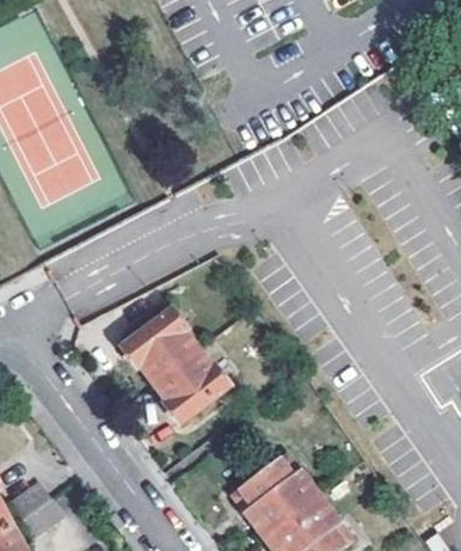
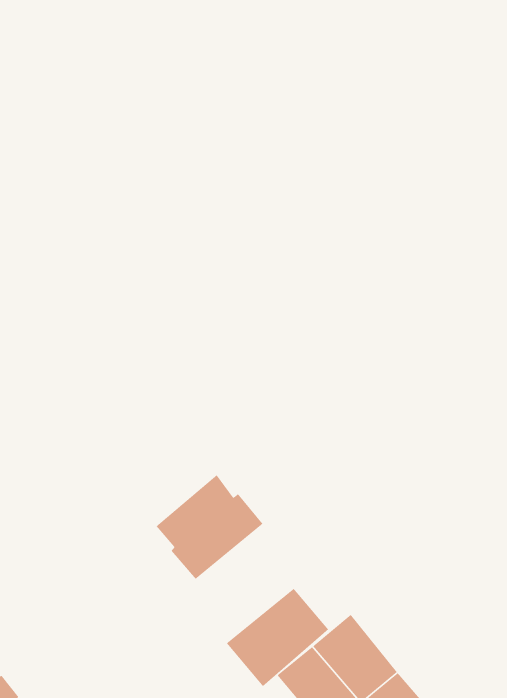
building: [121,305,198,382] -> none
building: none -> [226,588,329,687]

